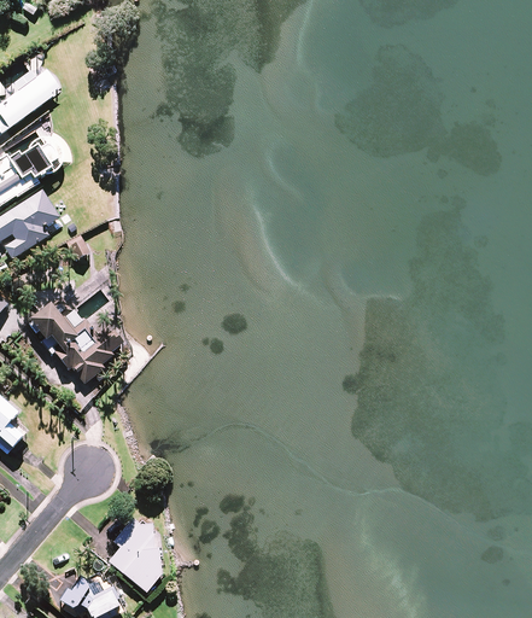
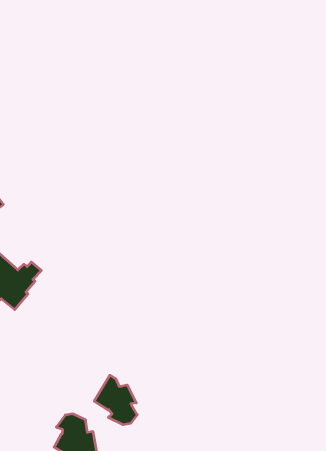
building: none -> [94,375,137,425]

